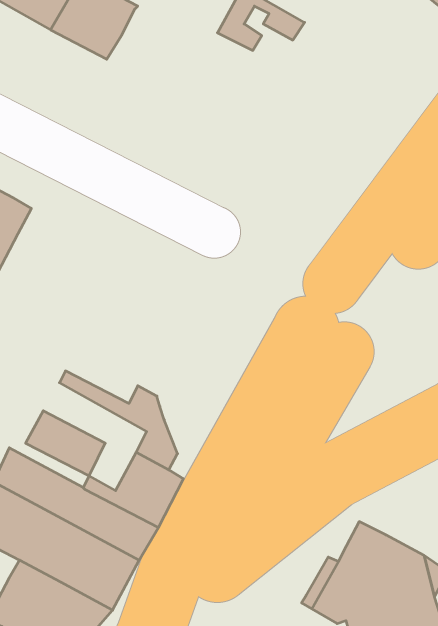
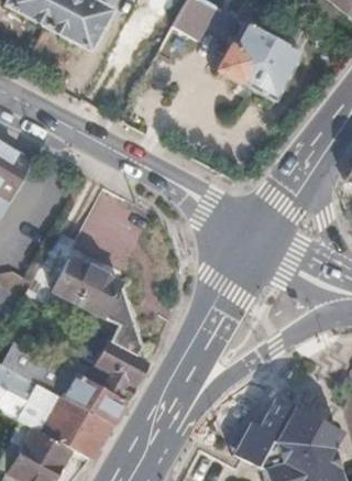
building: none -> [211,22,295,99]
building: [26,411,105,476] -> [58,255,118,304]

